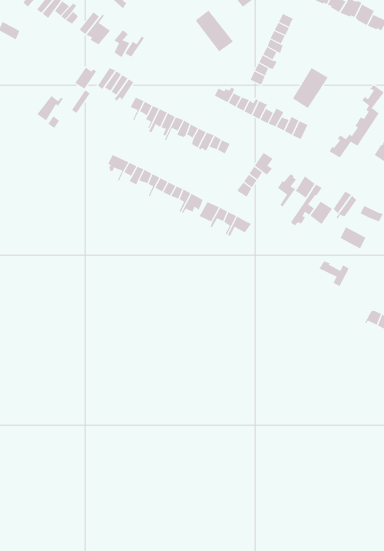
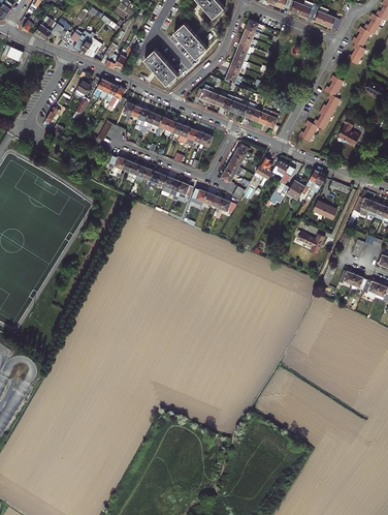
building: none -> [144,49,179,85]
building: [292,67,328,109] -> none

